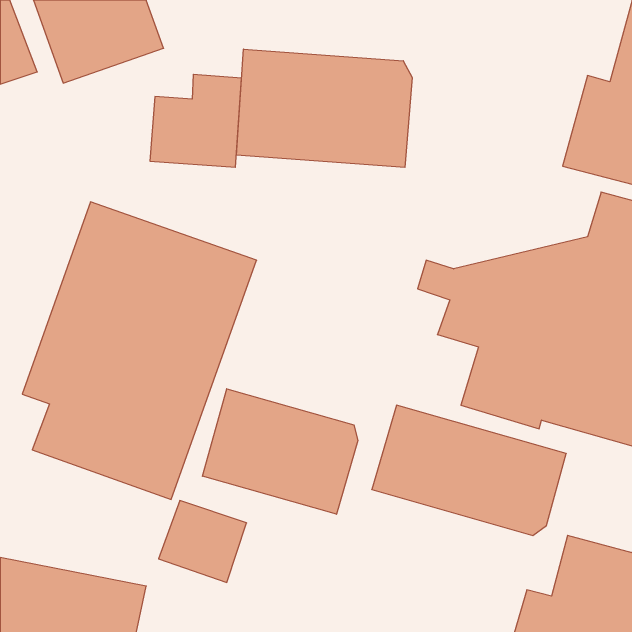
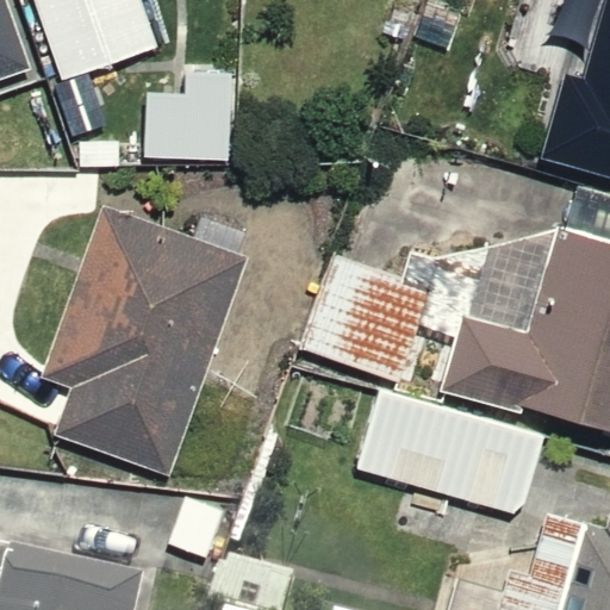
building: [237,49,412,167] -> none
building: none -> [304,255,434,384]
building: [202,389,358,514] -> none

